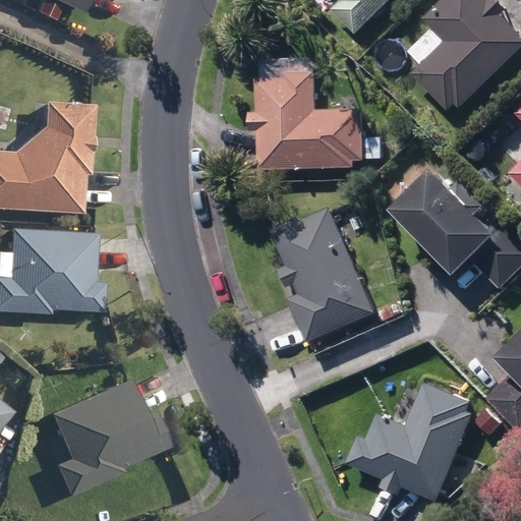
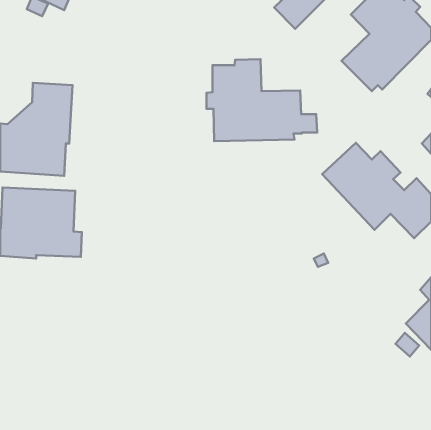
building: [271,208,375,343] -> none
building: [43,377,165,495] -> none
building: [346,382,473,502] -> none

